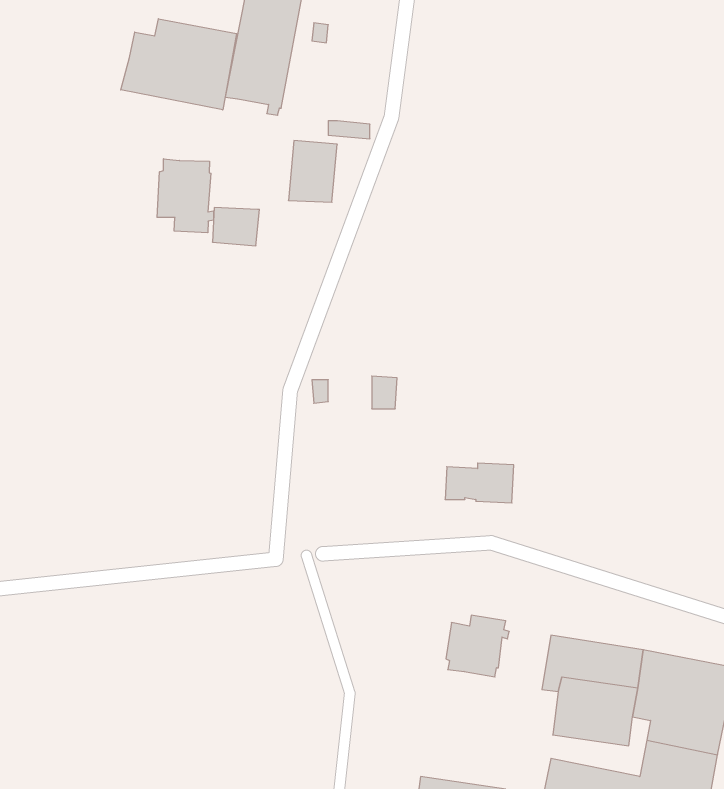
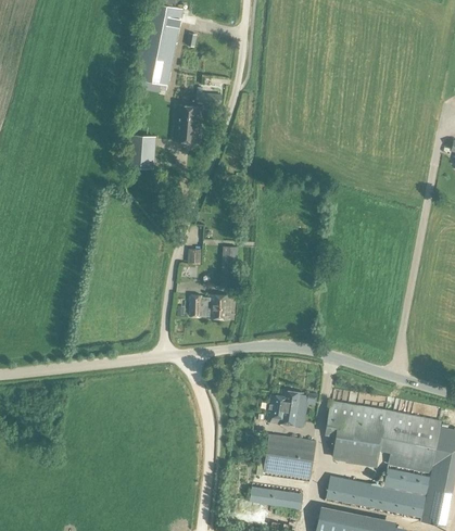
building: [121,19,237,110] -> none
building: [157,159,214,233] -> none
building: [445,463,514,503] -> [190,295,231,319]
building: none -> [264,434,317,479]

